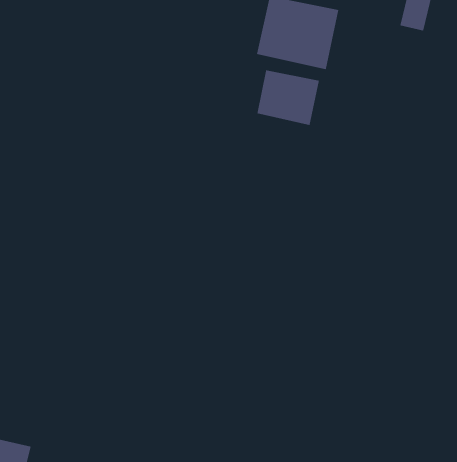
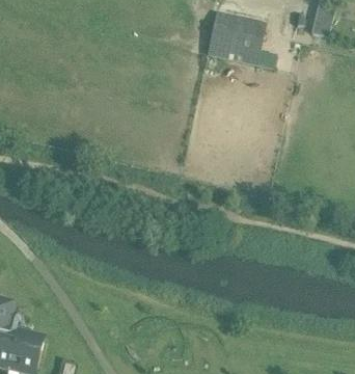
building: [257,69,320,126] -> none

